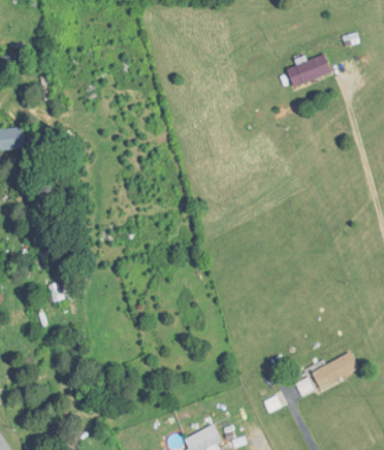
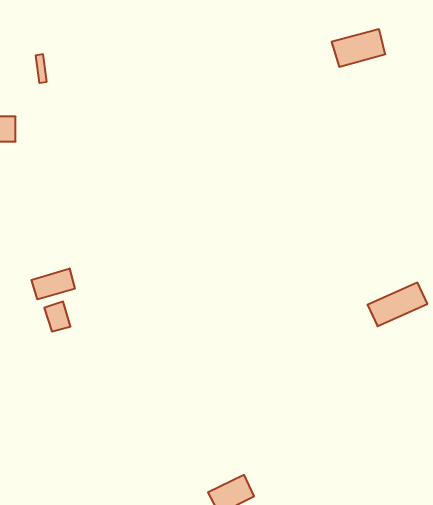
building: none -> [31,268,75,299]
building: [310,353,359,389] -> [367,283,427,326]

